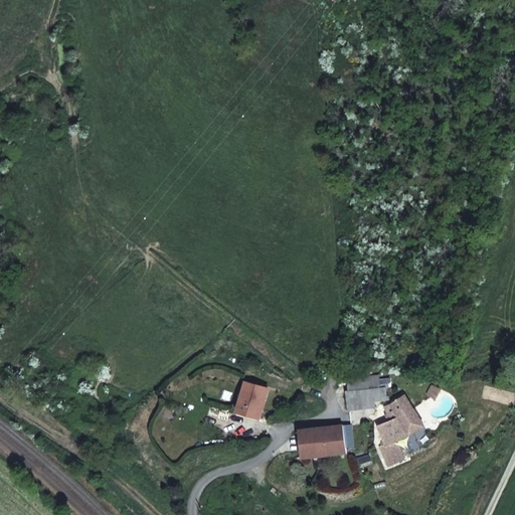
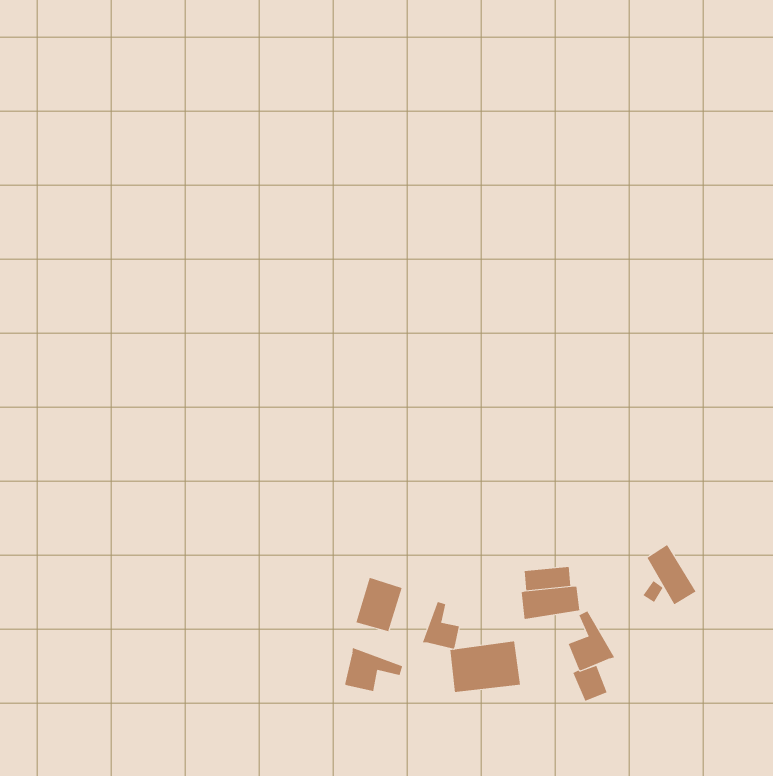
building: [389,395,422,436] -> [646,544,697,605]
building: none -> [422,601,460,649]
building: none -> [345,647,403,692]

